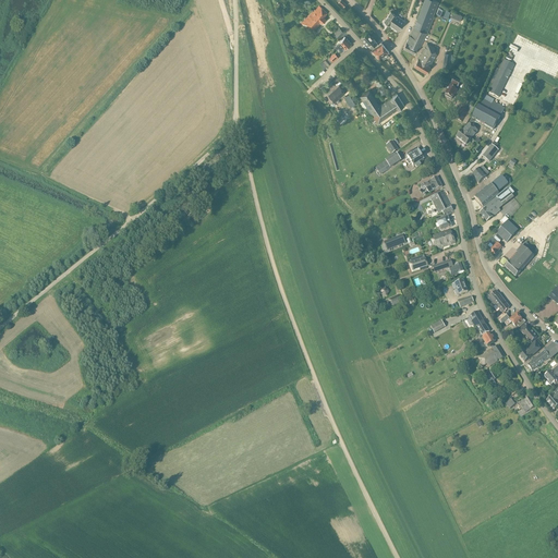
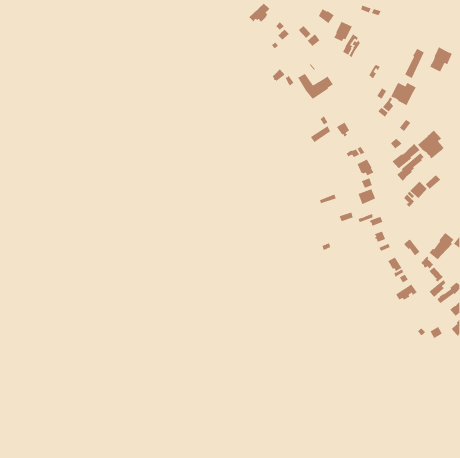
building: none -> [429,46,453,72]
building: none -> [417,130,444,160]
building: [505,241,536,275] -> [428,232,455,260]

